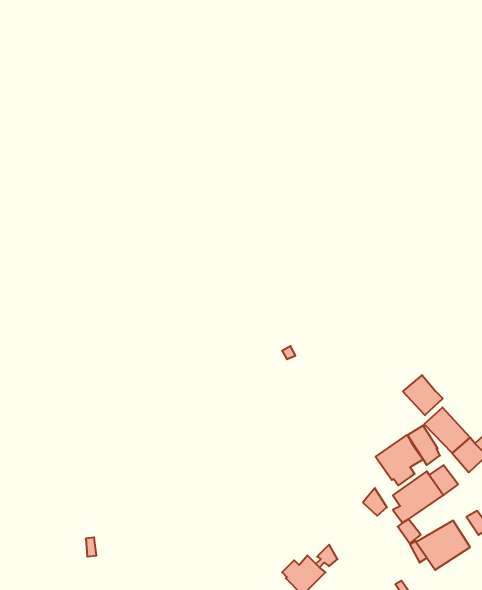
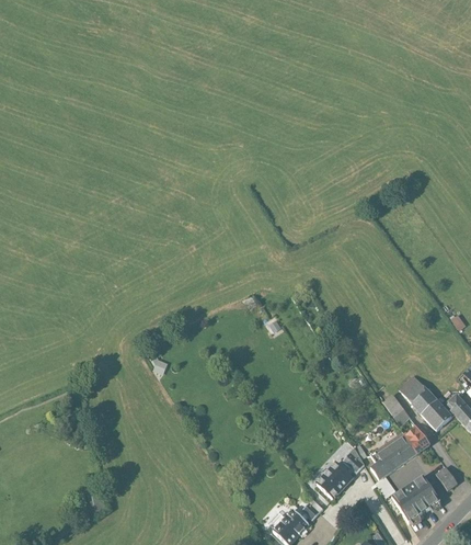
building: [403,375,443,415] -> none
building: [376,435,423,485] -> none
building: none -> [317,463,353,499]

